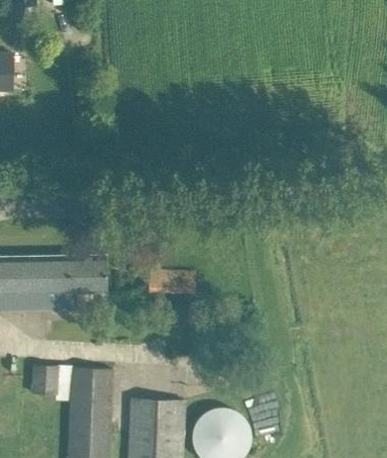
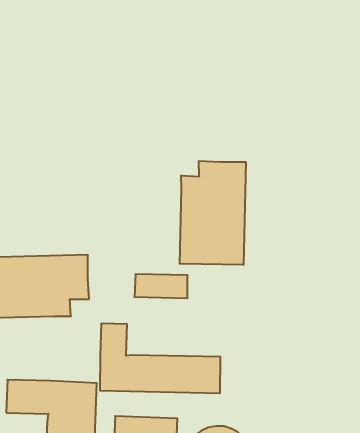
building: none -> [180,161,246,265]
building: none -> [100,323,220,393]

